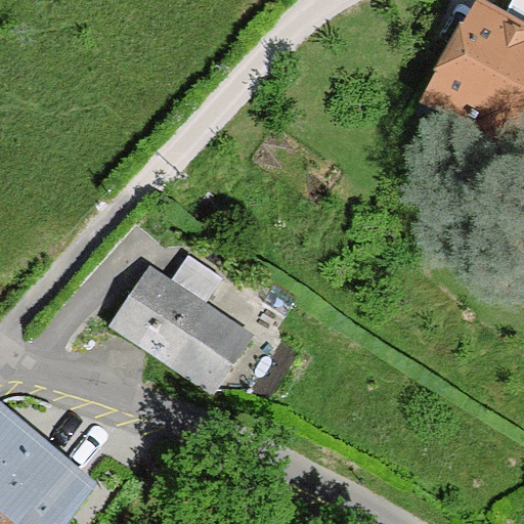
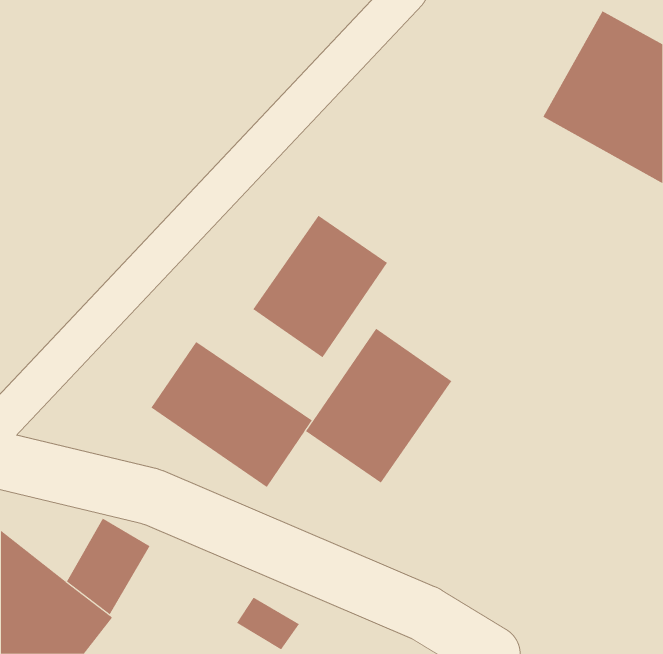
building: none -> [252,215,388,358]
building: none -> [305,328,452,483]

